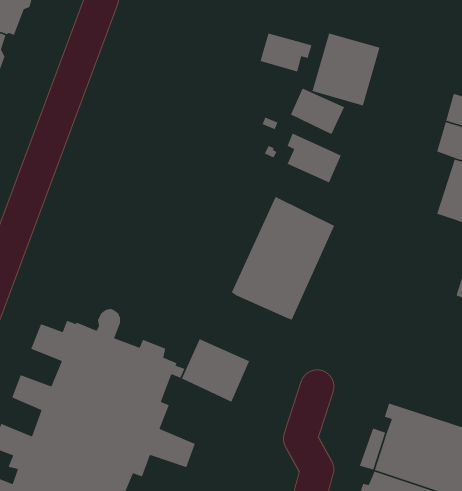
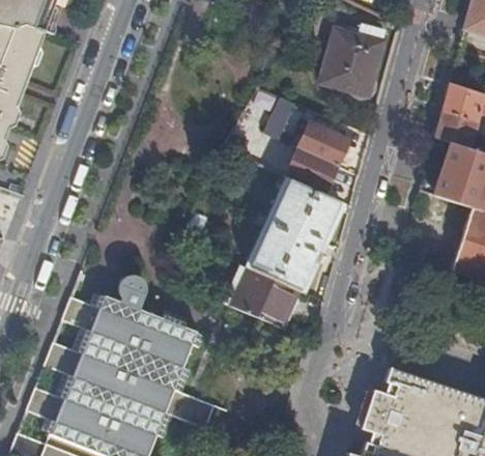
building: [259,32,313,73] -> none
building: [290,87,345,135] -> [285,150,336,194]
building: [181,338,250,403] -> [233,270,296,330]

